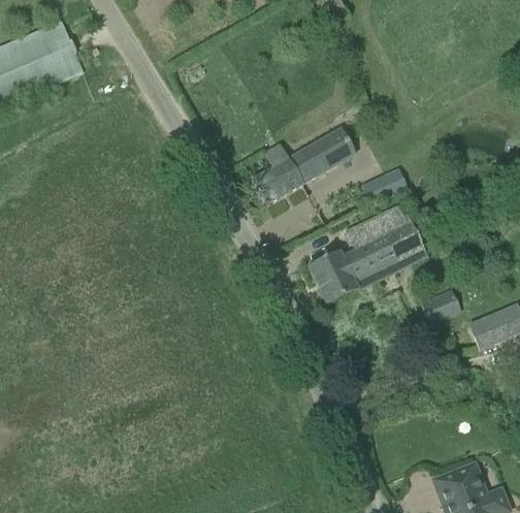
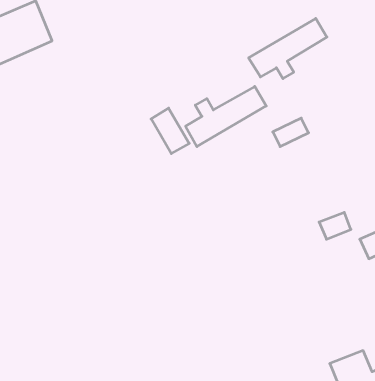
building: none -> [249,18,327,79]
building: none -> [151,108,189,154]
building: [306,204,427,304] -> none

